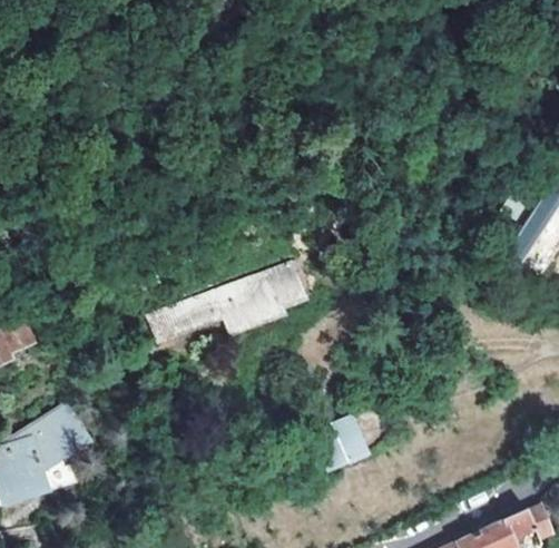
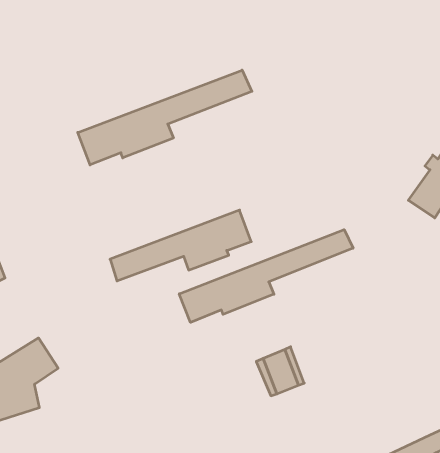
building: none -> [78,70,252,165]
building: none -> [179,230,353,322]

